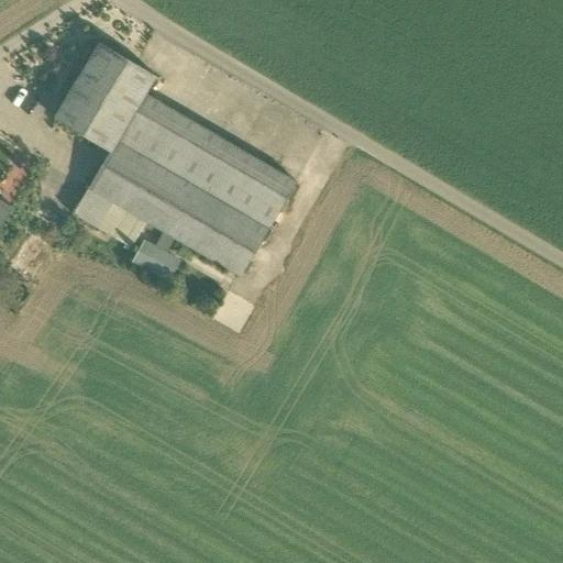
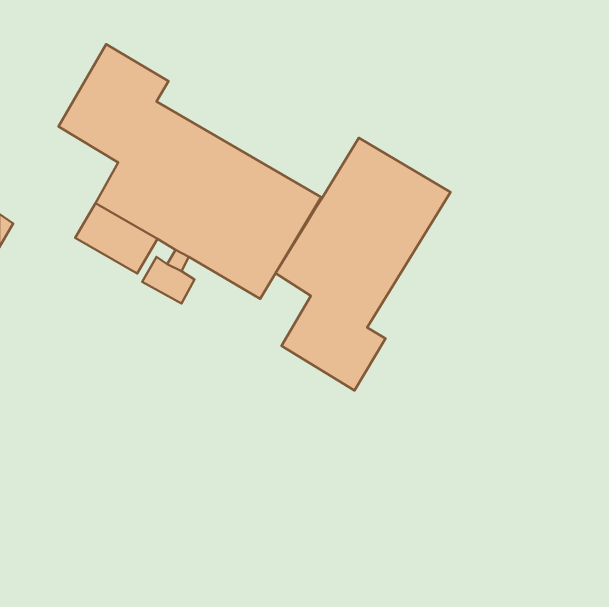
building: none -> [276,138,450,390]

